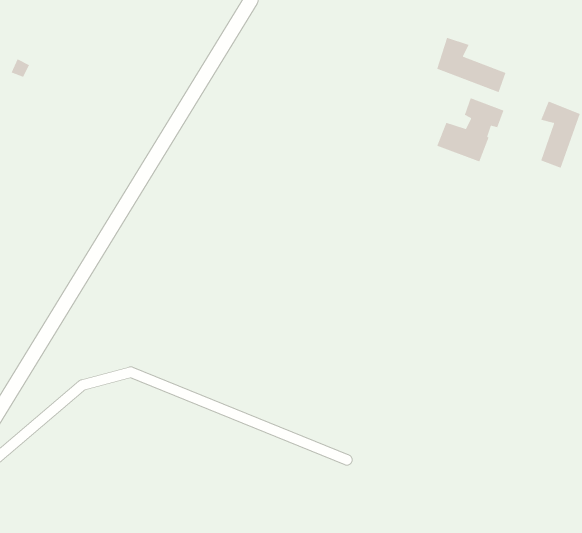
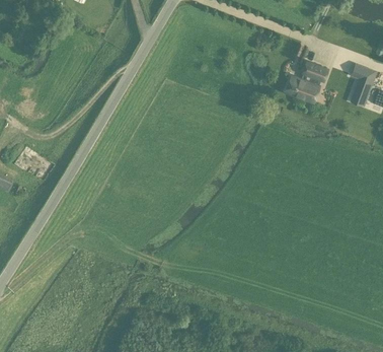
building: [436,37,506,93] -> none

